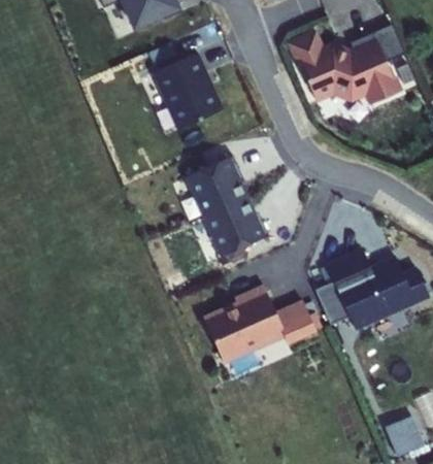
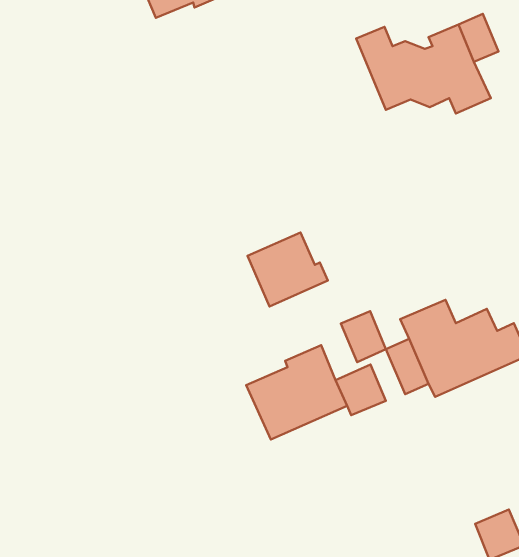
building: [154,53,221,128] -> none
building: [186,156,246,217] -> none
building: none -> [341,311,386,362]

